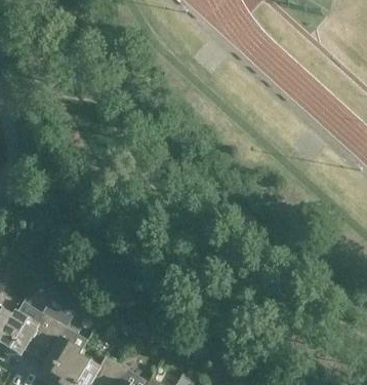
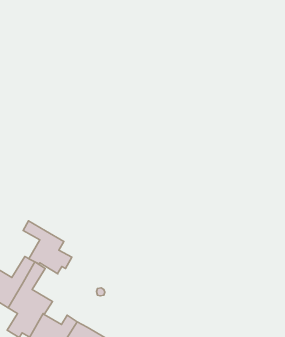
building: none -> [23,221,72,274]

